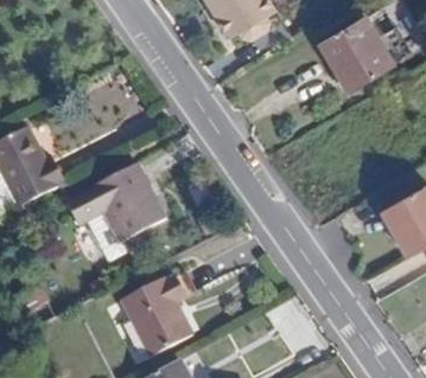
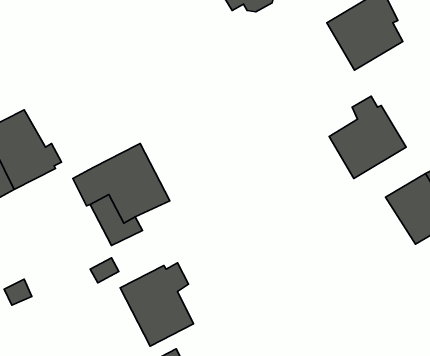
building: none -> [329,96,406,178]

